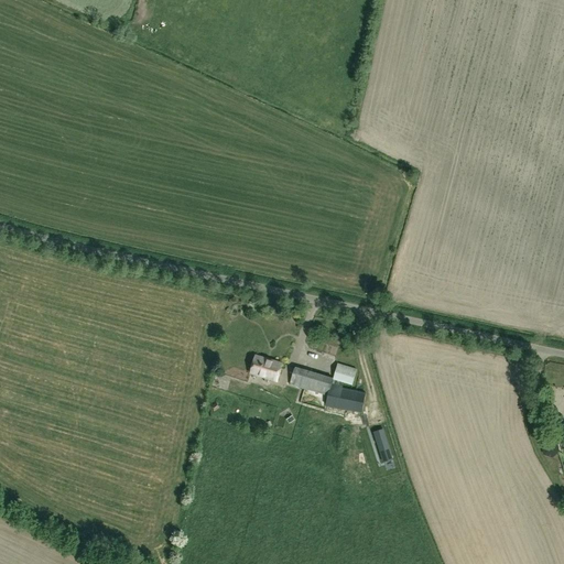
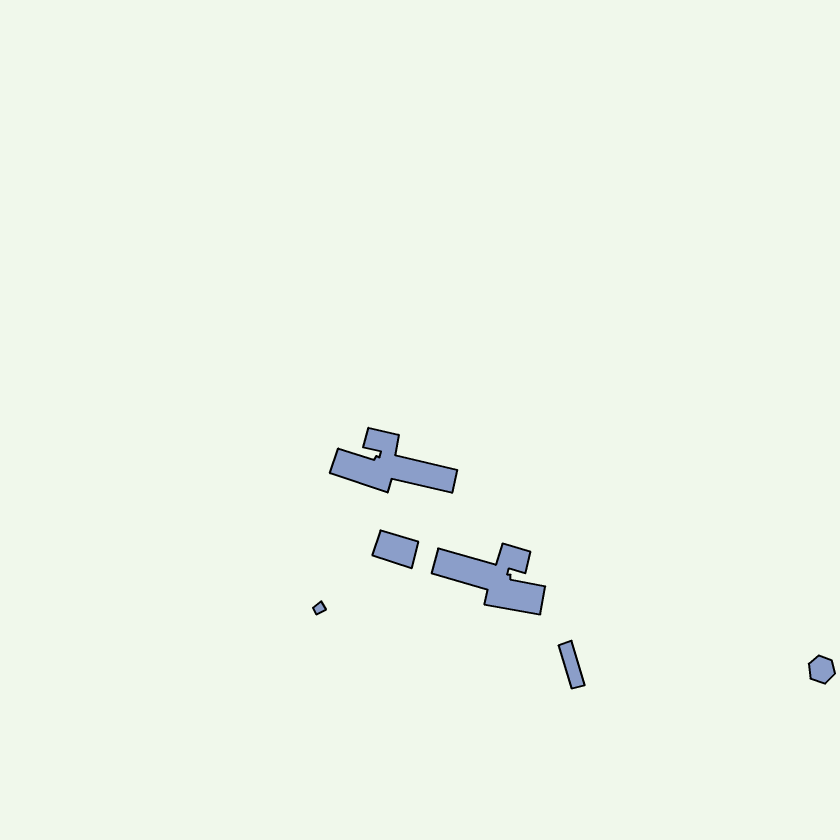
building: none -> [330,428,457,493]

